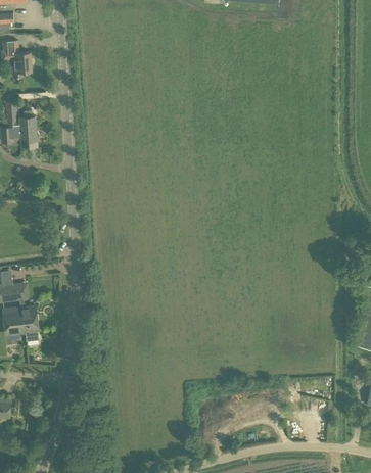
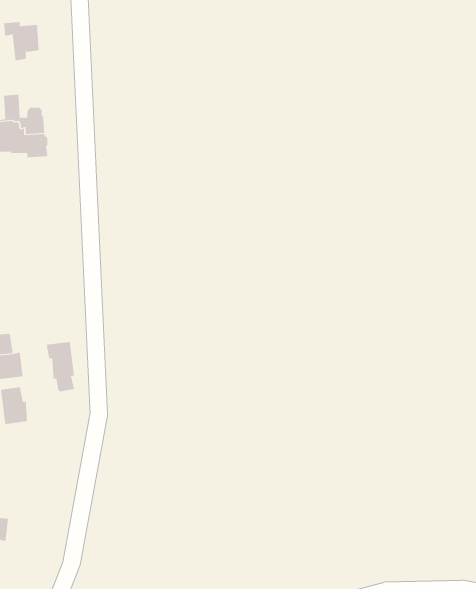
building: [17,304,38,340] -> [46,342,75,392]

